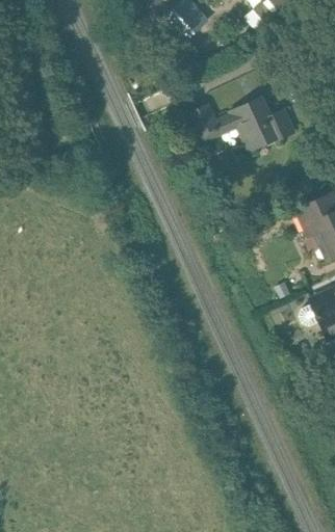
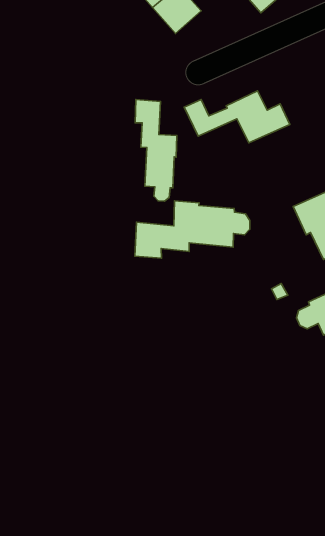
building: none -> [135,99,177,201]
building: none -> [135,201,250,258]

